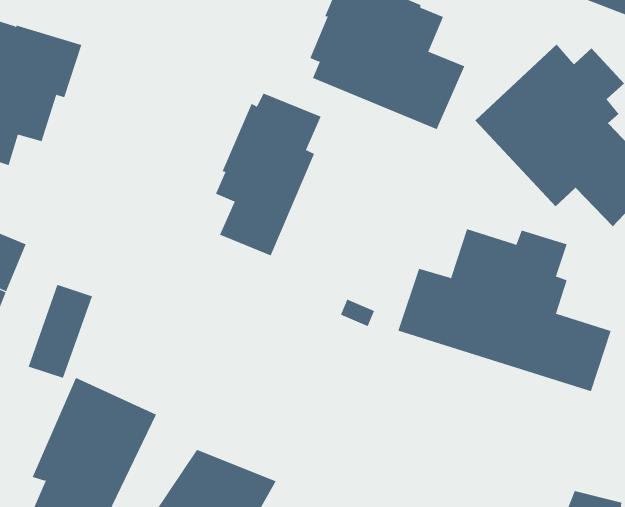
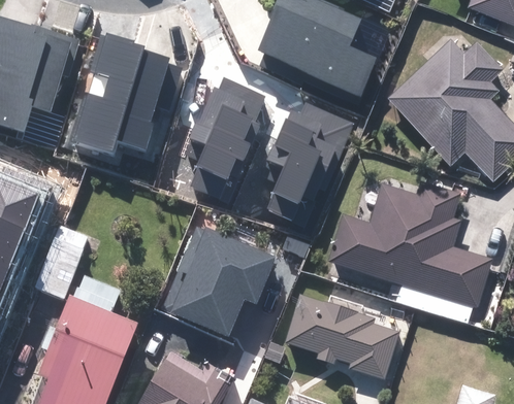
building: none -> [67,33,183,156]
building: none -> [258,101,355,228]
building: none -> [161,226,275,335]
building: none -> [287,294,398,378]

